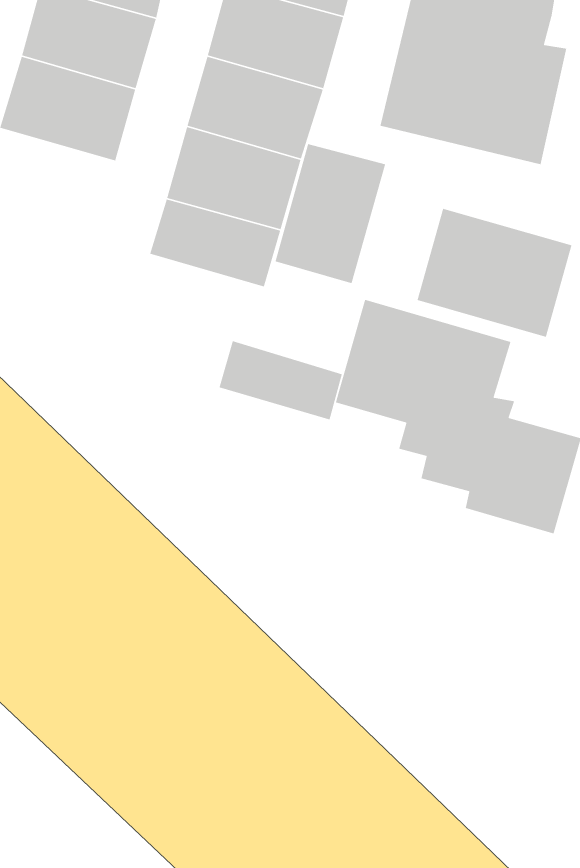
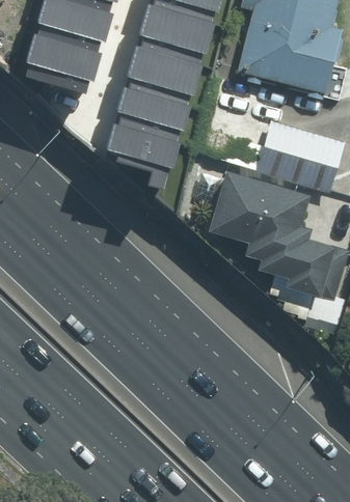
building: [274,143,386,284] -> none
building: [218,340,343,420] -> none

